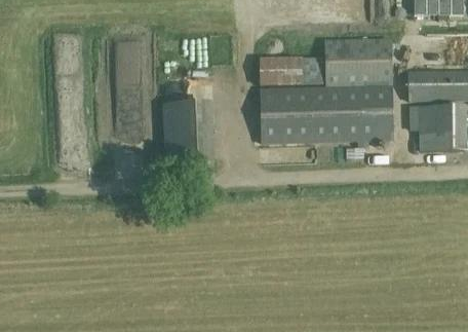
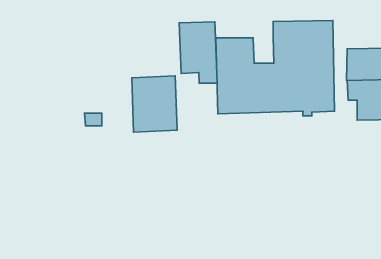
building: none -> [179,22,217,83]
building: [301,57,324,86] -> none

